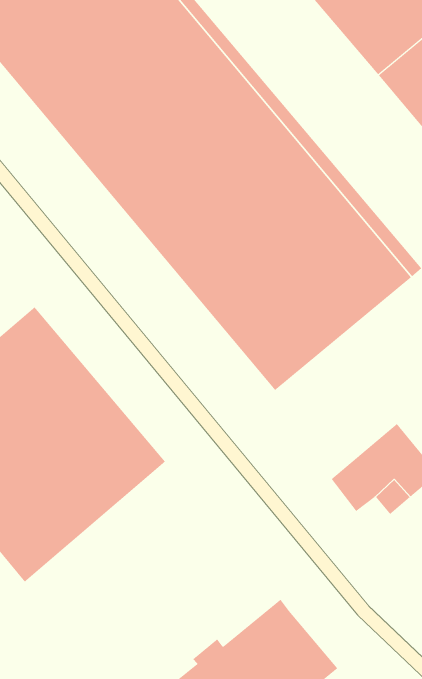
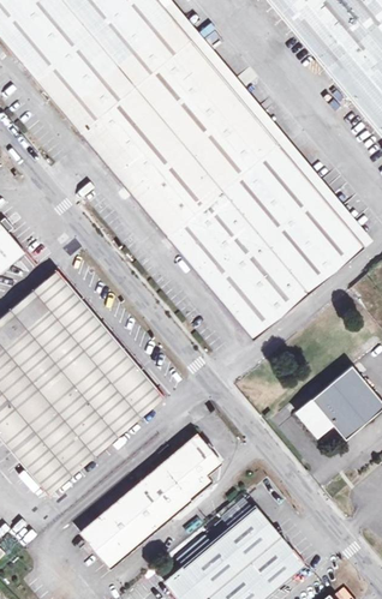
building: none -> [80,435,221,568]

